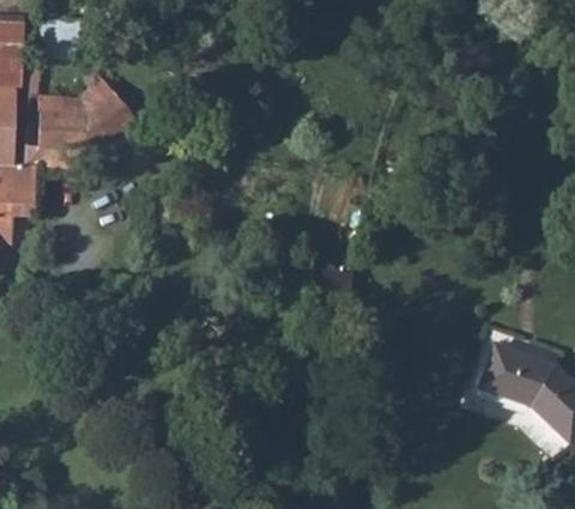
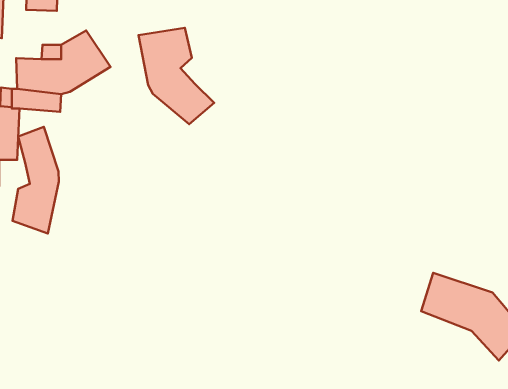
building: none -> [139,28,214,124]
building: none -> [13,127,59,234]

